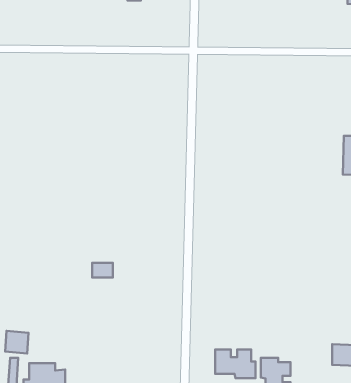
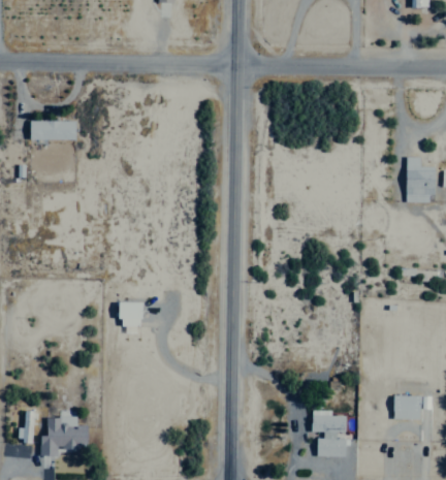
building: none -> [31,120,77,139]
building: [5,331,28,354] -> none
building: [215,349,256,378] -> none

